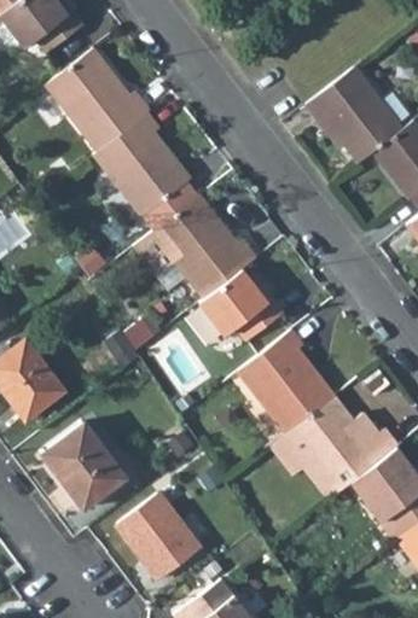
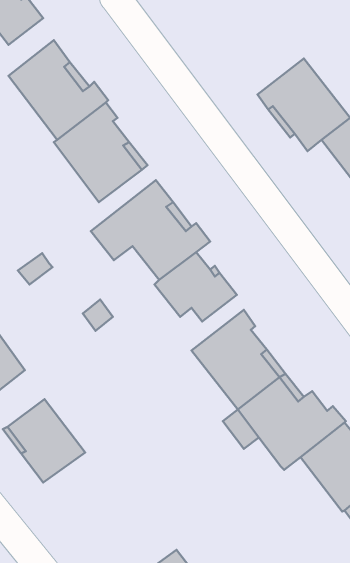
building: [116,492,201,579] -> none

